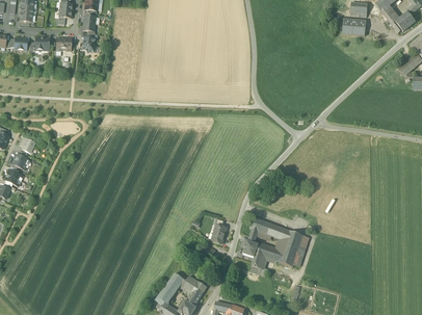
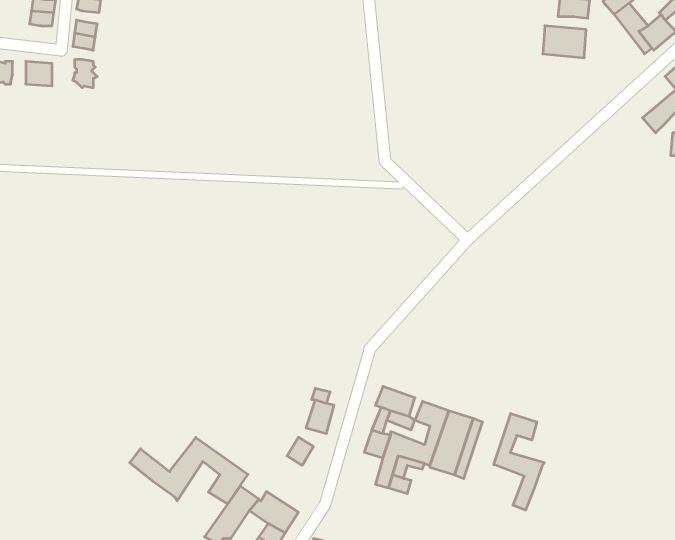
building: none -> [494,413,544,510]
building: none -> [130,437,248,504]

